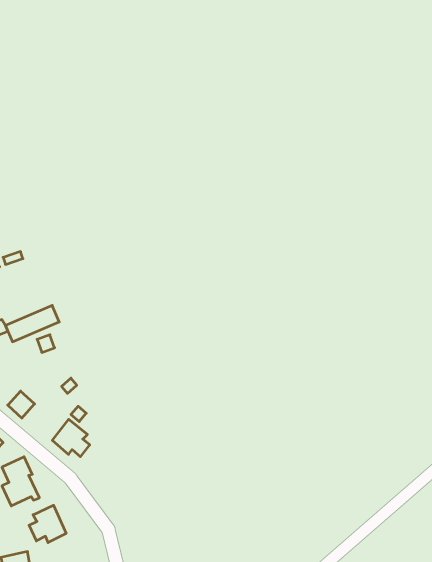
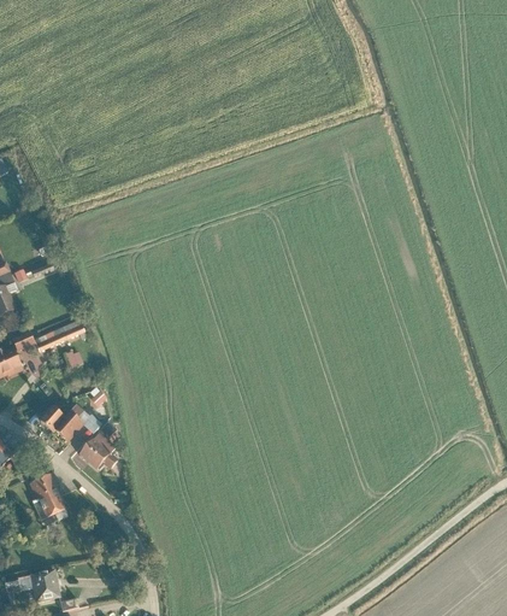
building: none -> [52,404,83,445]
building: [29,505,66,543] -> none

